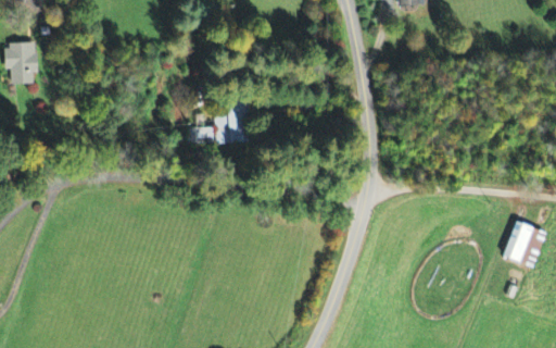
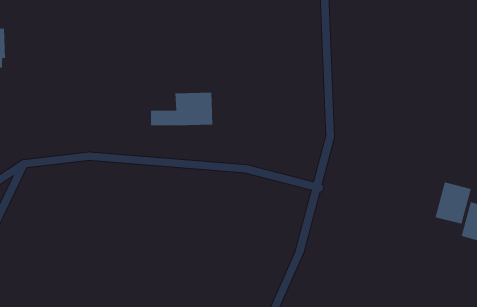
building: none -> [435,182,472,225]

